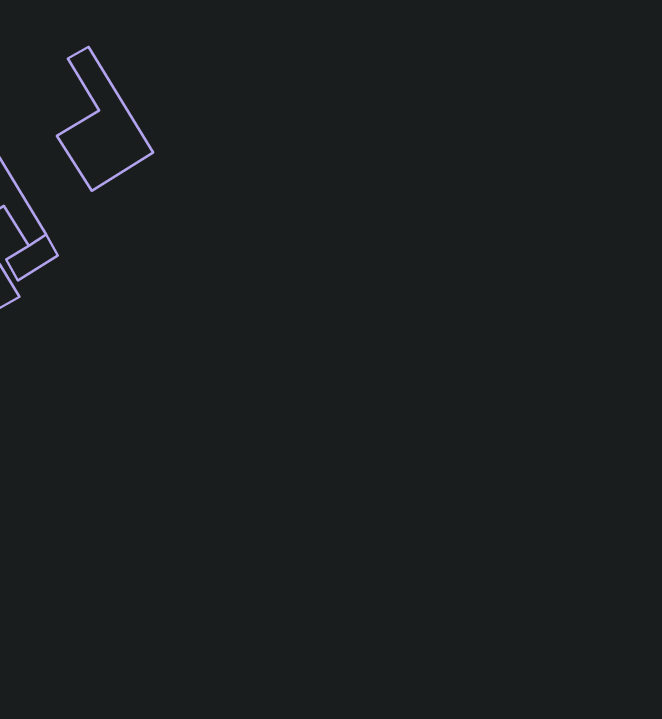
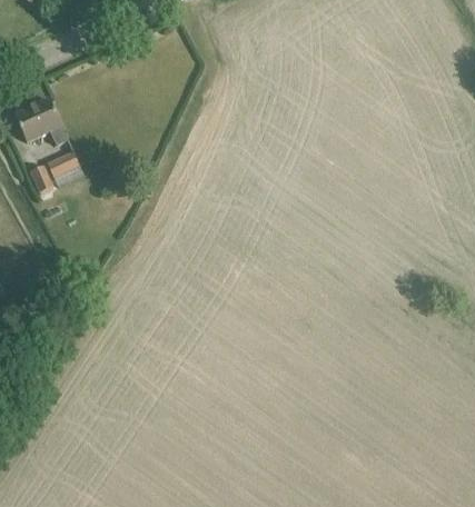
building: [57,47,153,191] -> none

